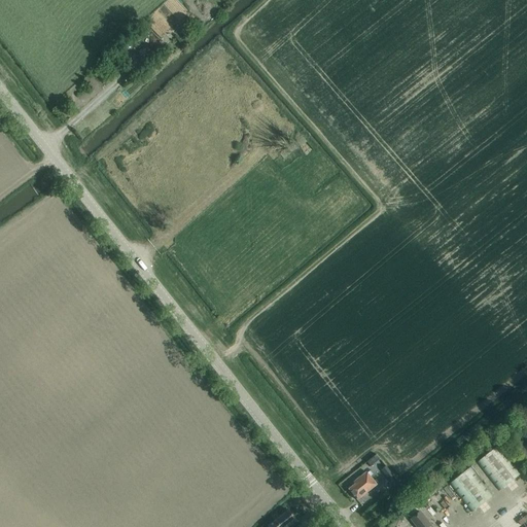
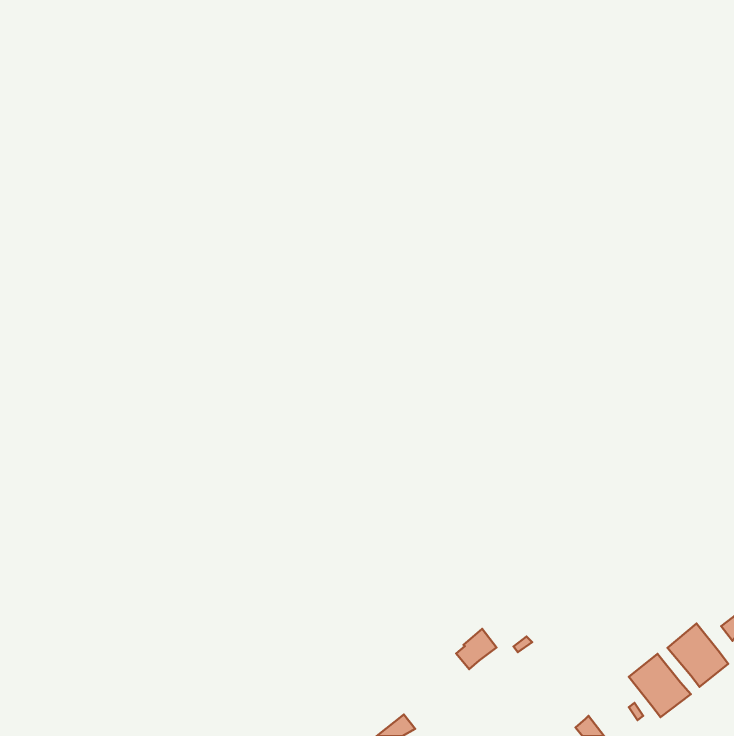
building: [350,470,379,499] -> [456,629,497,669]

